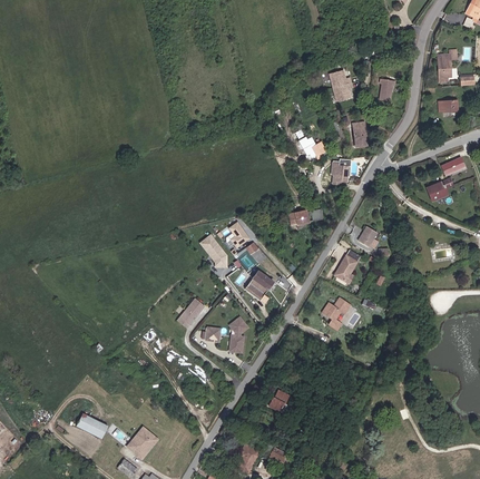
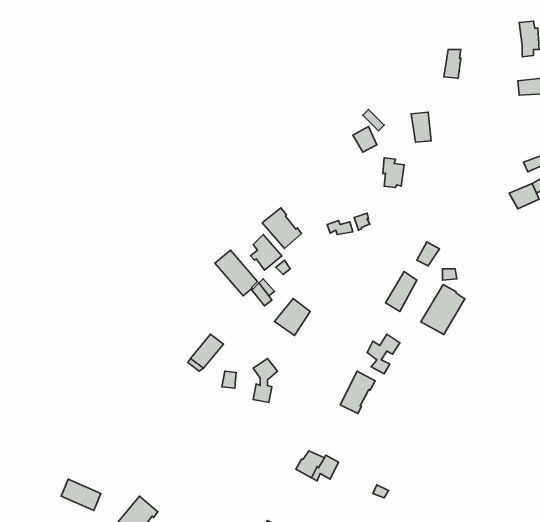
building: [327,70,351,101] -> none
building: none -> [262,208,302,248]
building: none -> [421,284,465,335]
building: none -> [340,371,375,414]

